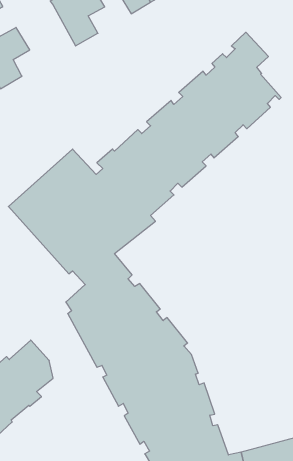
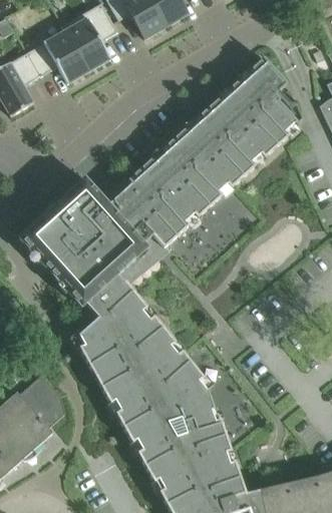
building: none -> [27,30,88,84]

